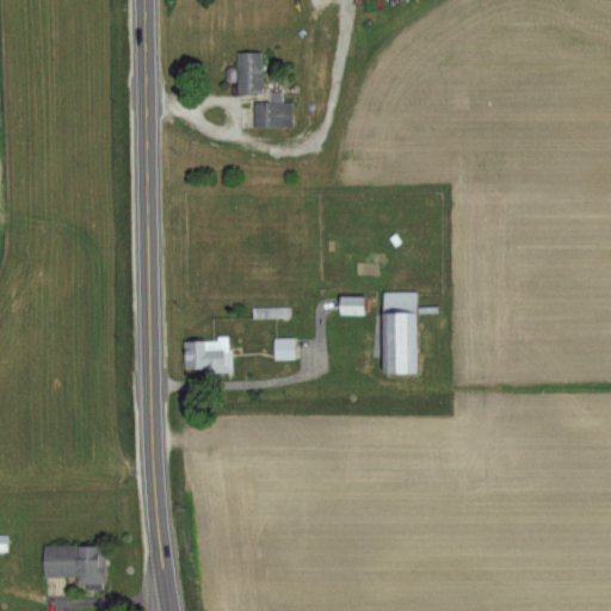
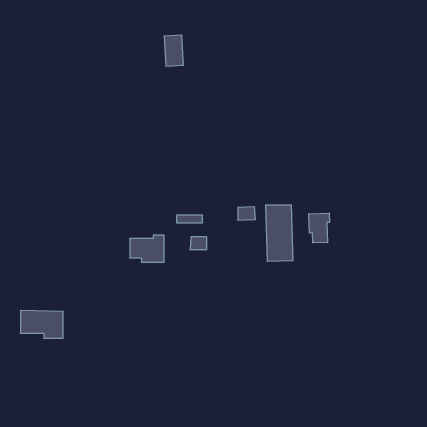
building: [253,92,294,128] -> none
building: none -> [309,213,330,243]
building: [43,547,104,586] -> [20,311,63,338]

